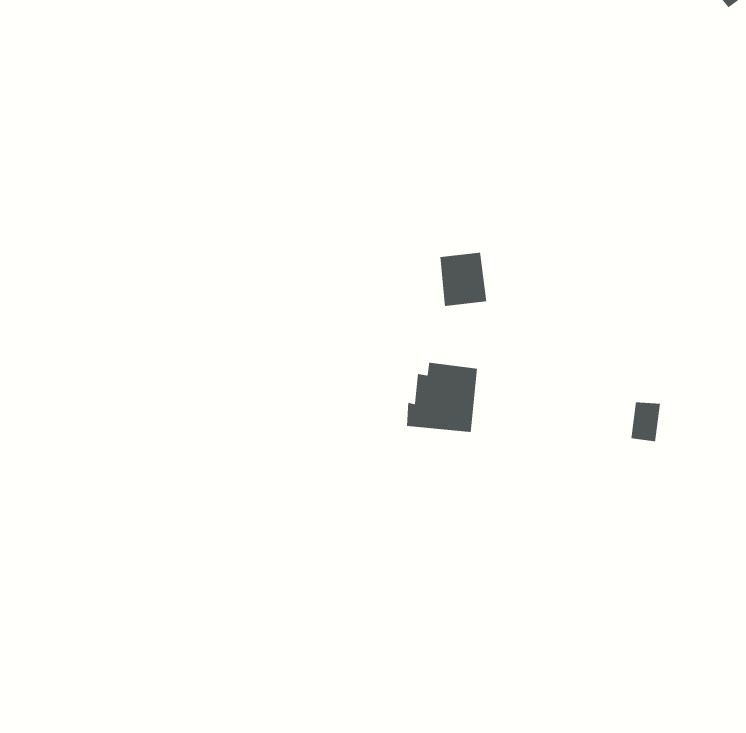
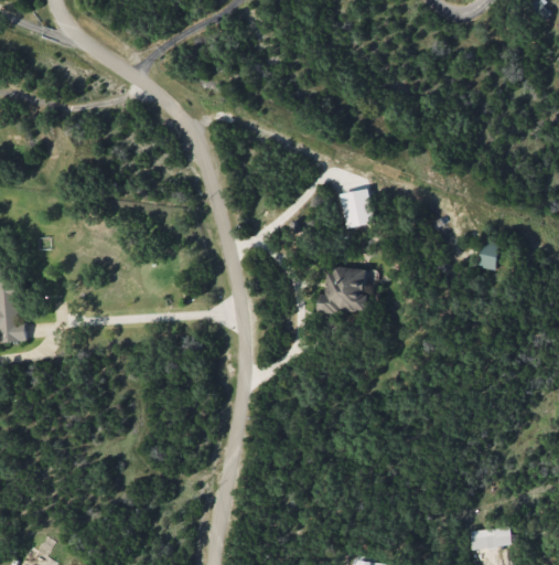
building: [630,402,661,442] -> [479,243,499,270]

